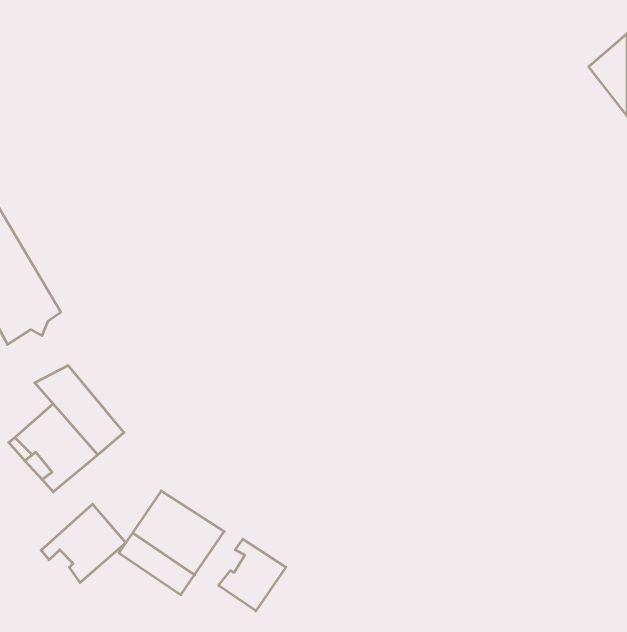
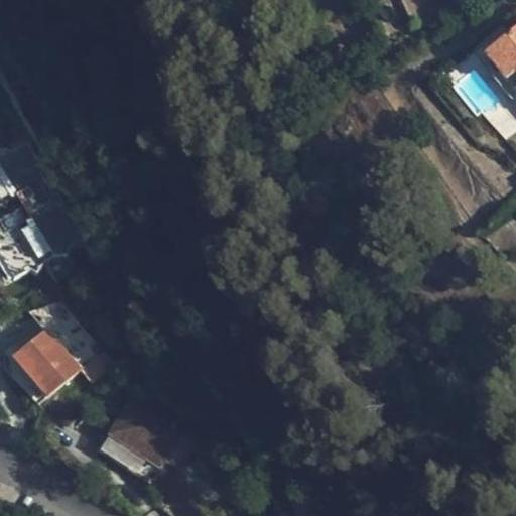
building: [41,504,126,583] -> none
building: [219,539,286,611] -> none

